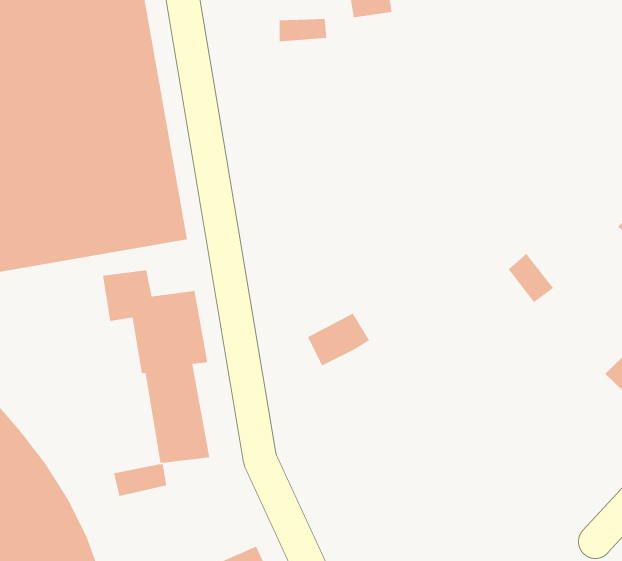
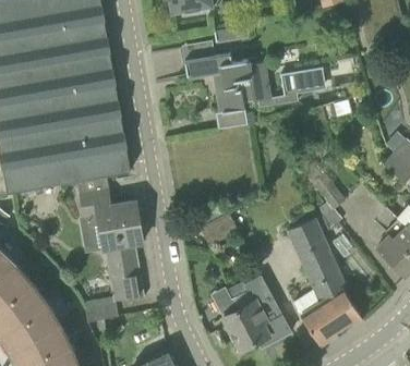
building: none -> [183,54,325,130]
building: none -> [287,218,362,346]
building: none -> [222,276,291,352]

